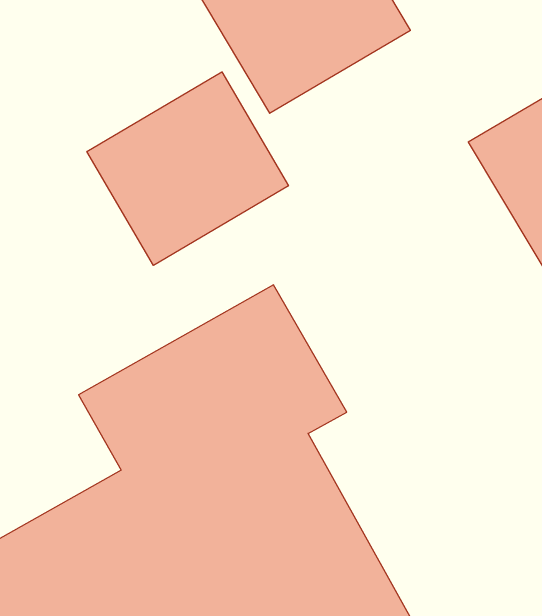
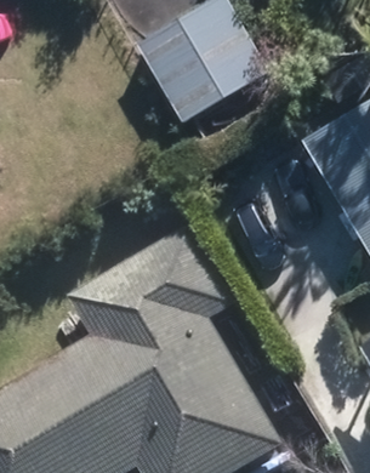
building: [87,72,288,265] -> none

